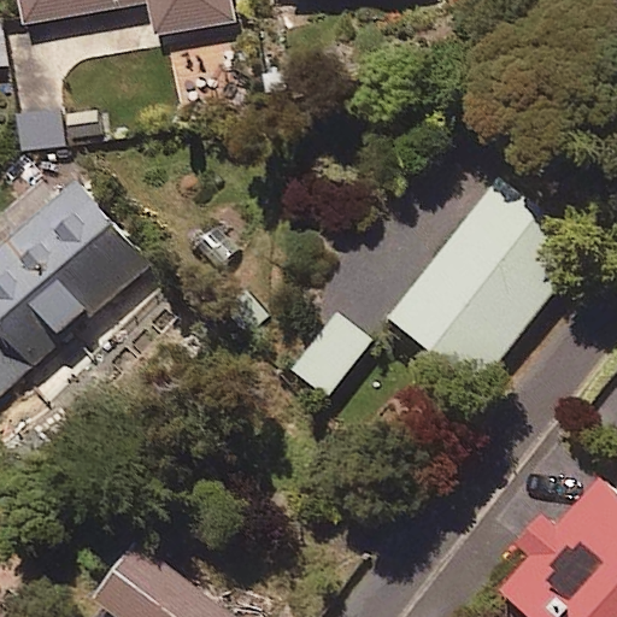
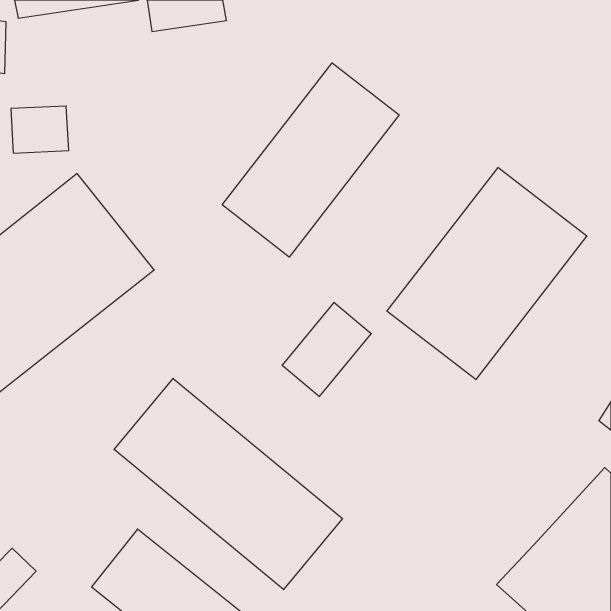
building: none -> [222,63,399,257]
building: none -> [114,378,342,590]

